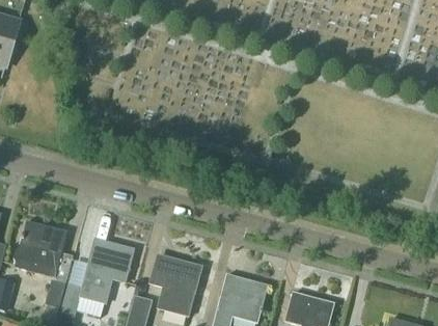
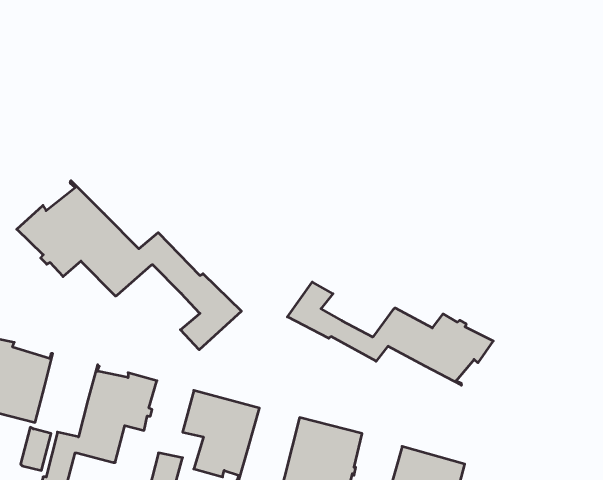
building: none -> [17,181,241,350]
building: none -> [287,282,493,385]

